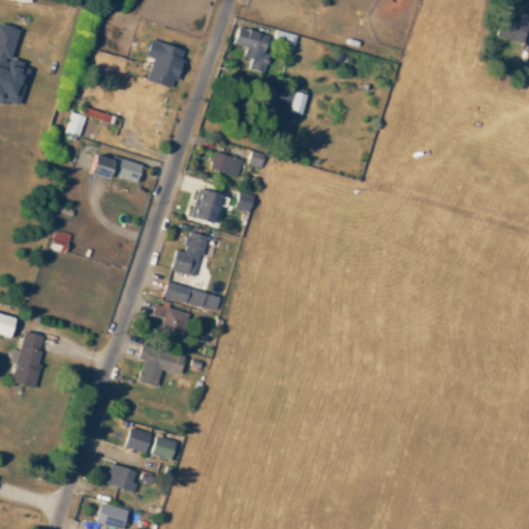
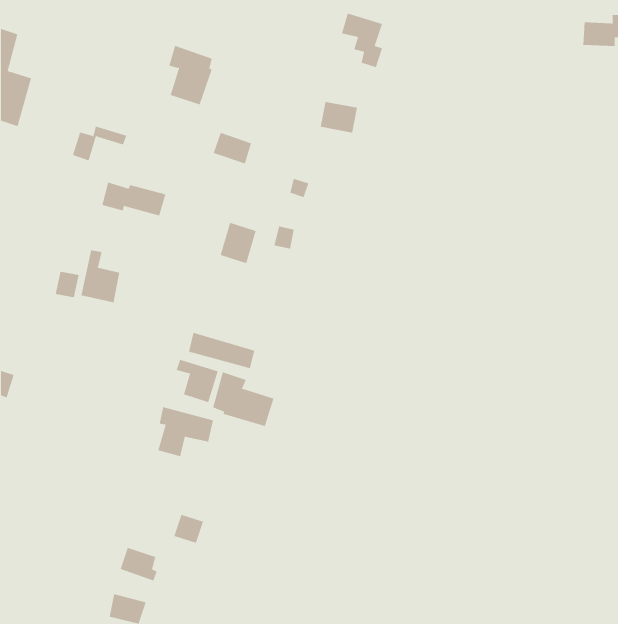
building: [236,26,271,72] -> [341,13,383,68]
building: [211,151,244,178] -> [213,132,252,164]
building: none -> [81,249,120,303]
building: [173,232,206,275] -> none
building: none -> [212,371,274,427]
building: [14,331,46,386] -> none
building: [126,427,152,453] -> none

